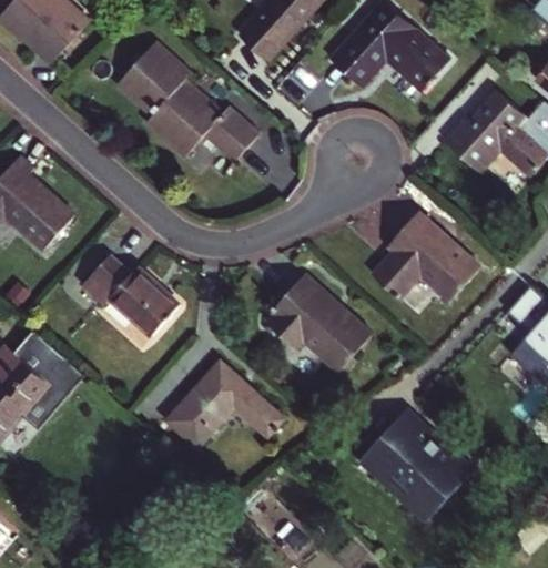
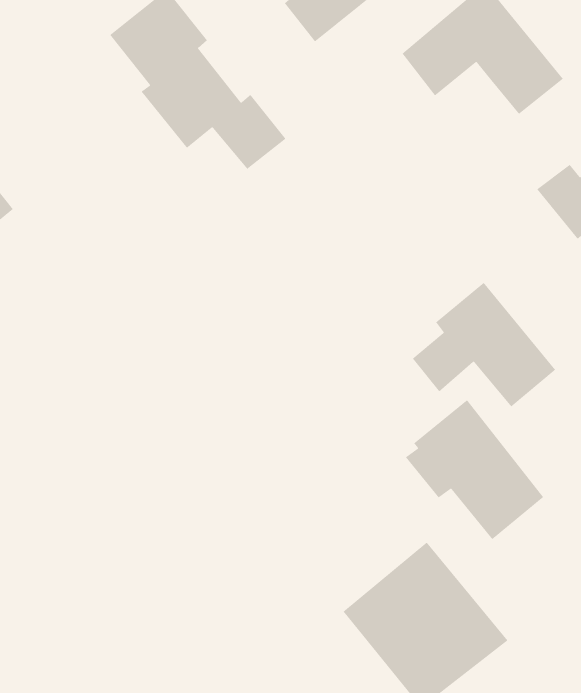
building: [82,255,179,336] -> none
building: [265,274,369,372] -> [405,399,544,540]
building: [166,362,282,447] -> none

